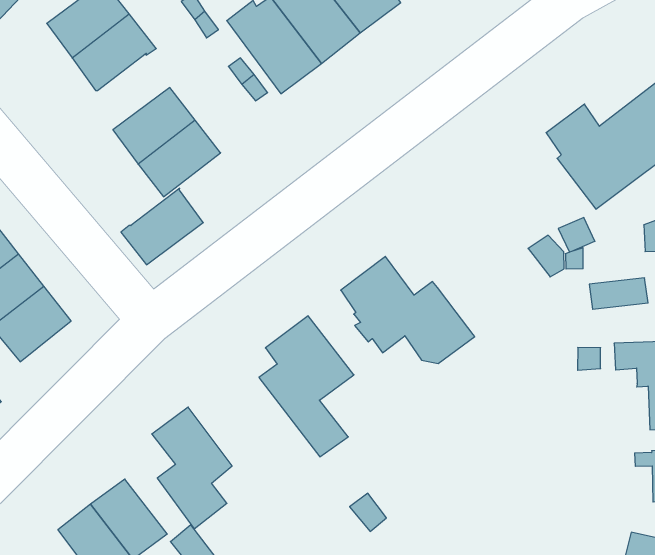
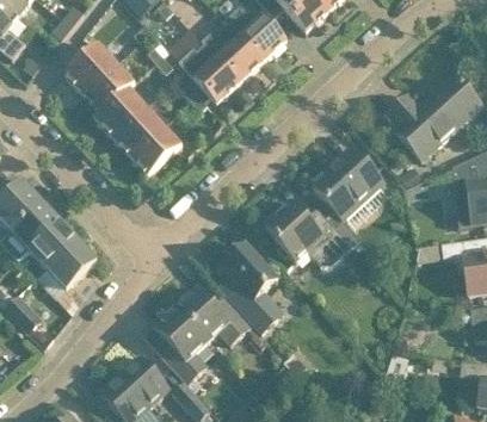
building: none -> [314,147,383,246]
building: [121,188,203,265] -> [94,87,146,137]
building: none -> [175,288,249,343]

